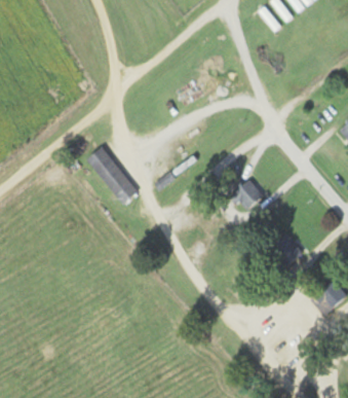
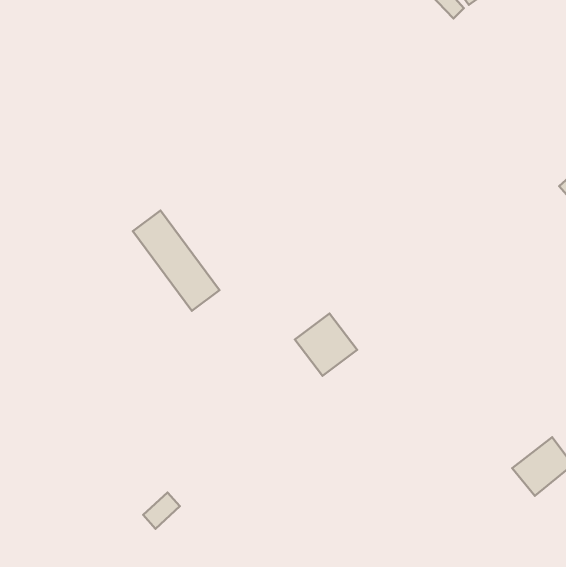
building: [227,174,264,211] -> [295,314,357,376]

